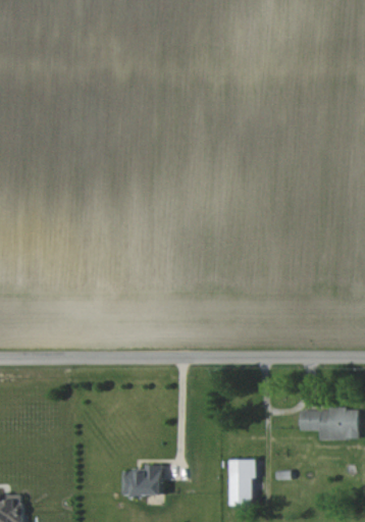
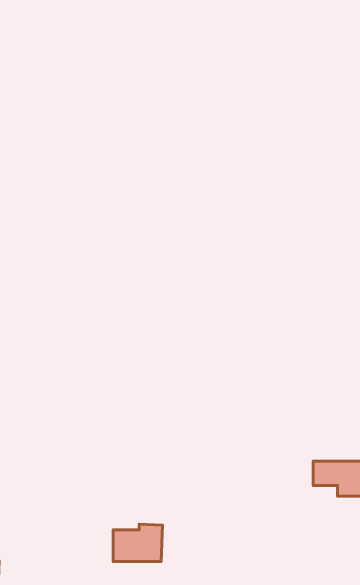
building: [231,460,257,504] -> none

